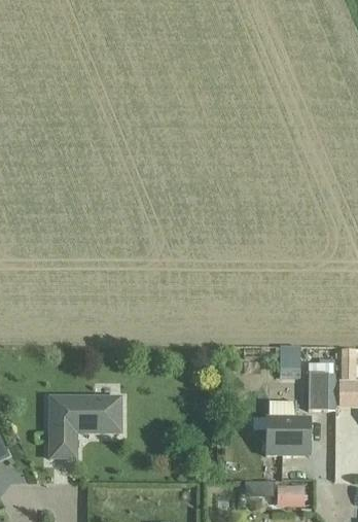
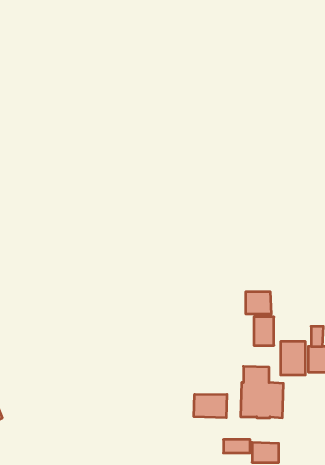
building: none -> [246,292,271,314]
building: [50,396,120,457] -> none
building: none -> [194,394,227,418]

